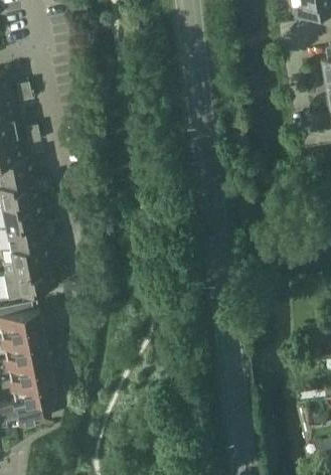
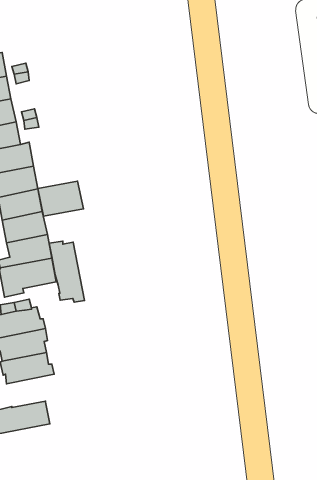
building: none -> [38,181,83,216]
building: none -> [49,241,85,302]
building: [8,369,57,401] -> none

